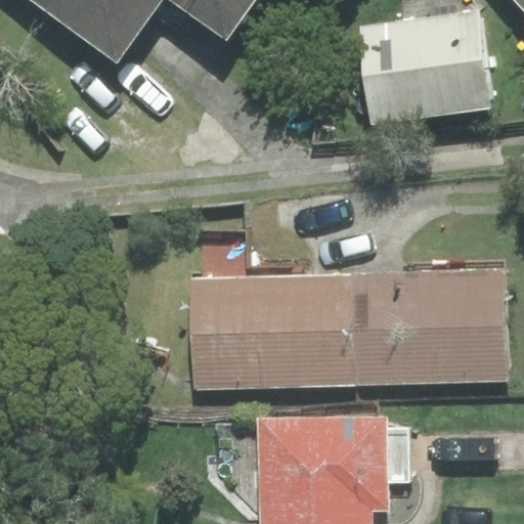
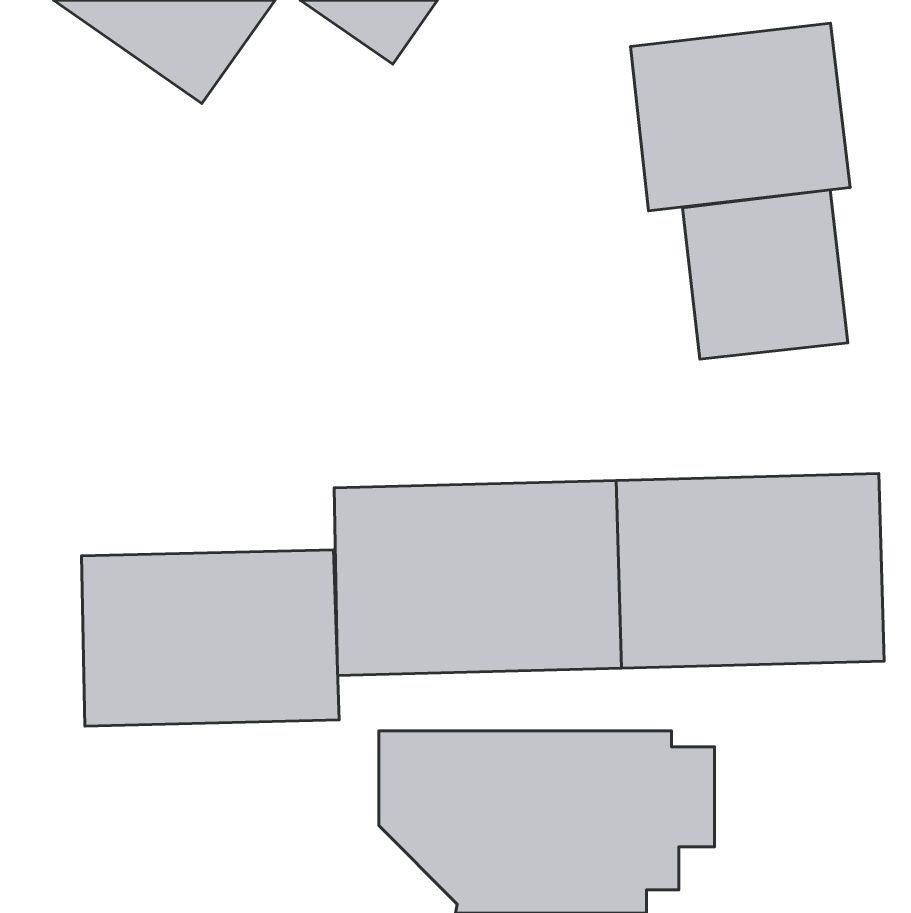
building: none -> [683,190,848,359]
building: none -> [82,550,339,726]

